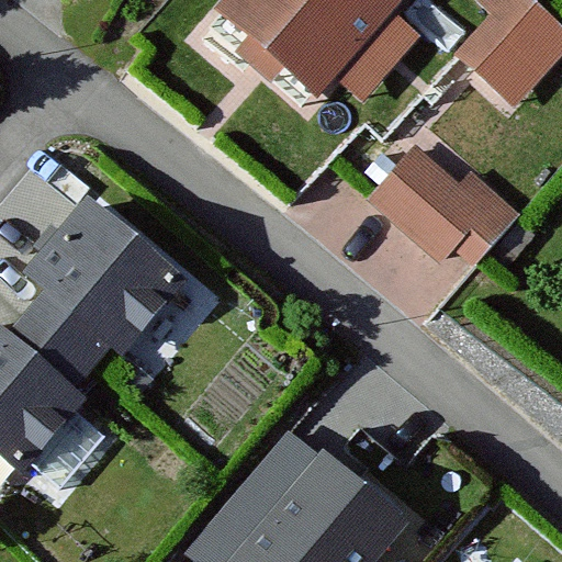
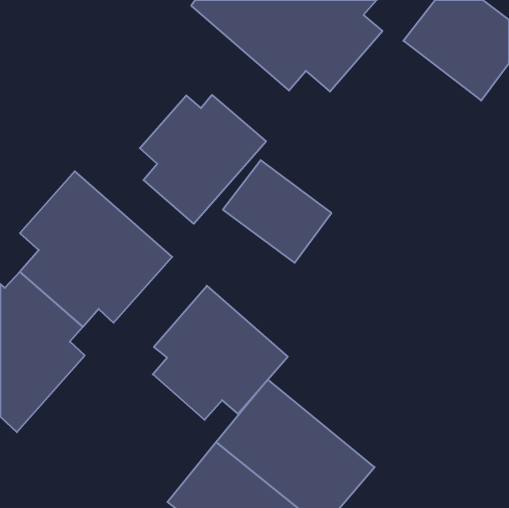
building: none -> [140,95,266,224]
building: [370,144,490,257] -> [223,160,331,263]
building: none -> [153,286,288,420]

